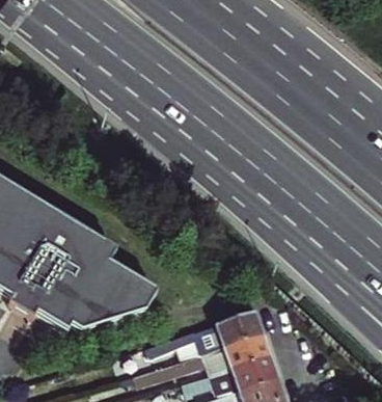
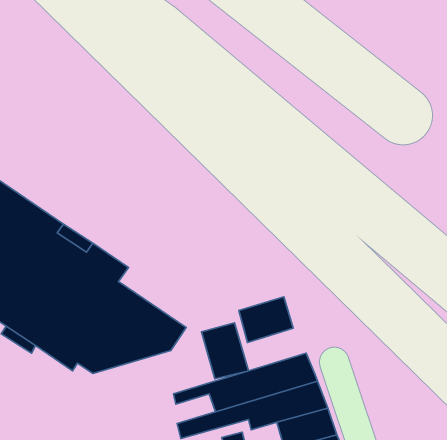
building: none -> [239,297,293,343]
building: none -> [202,323,248,379]

